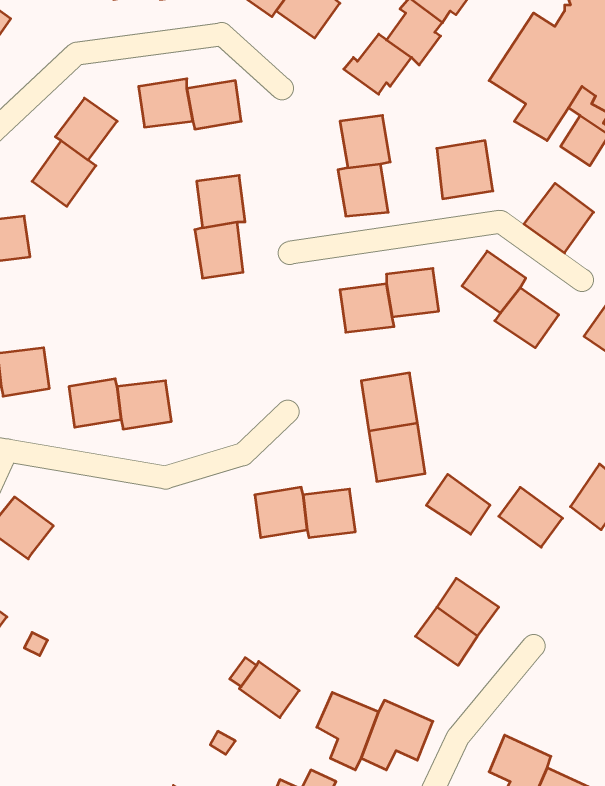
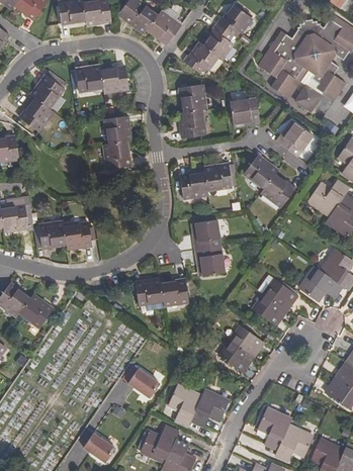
building: [426,474,490,534] -> [252,293,285,324]
building: none -> [19,294,53,326]

